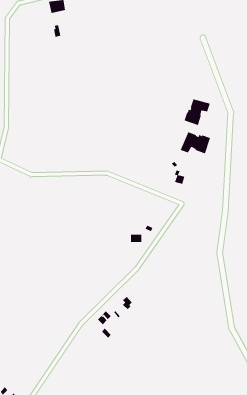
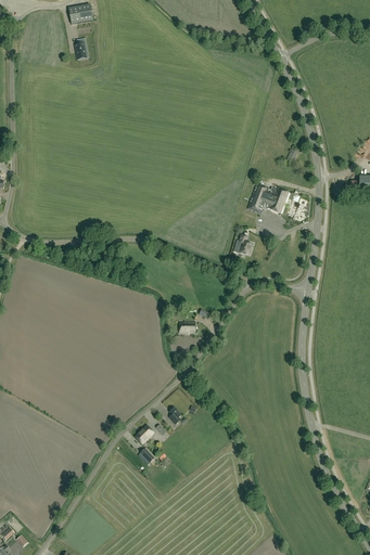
building: [184,99,211,126] -> none

